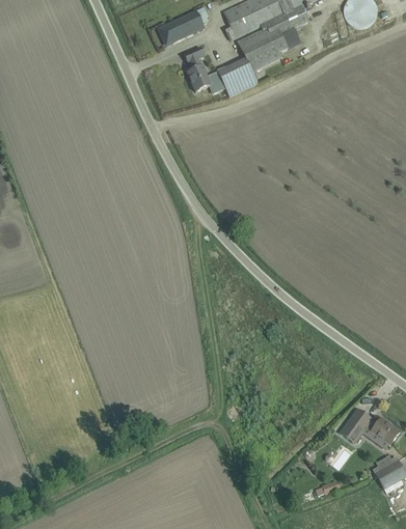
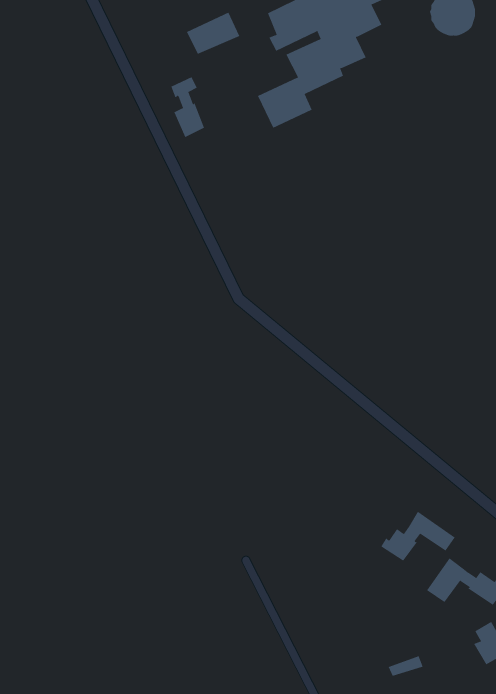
building: [185,47,210,91] -> [171,77,205,138]
building: none -> [380,511,456,561]

